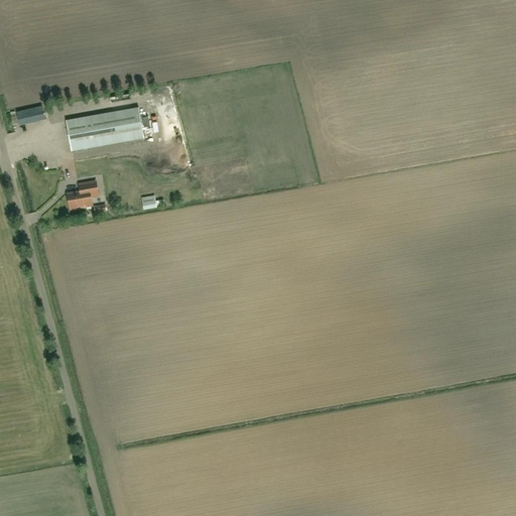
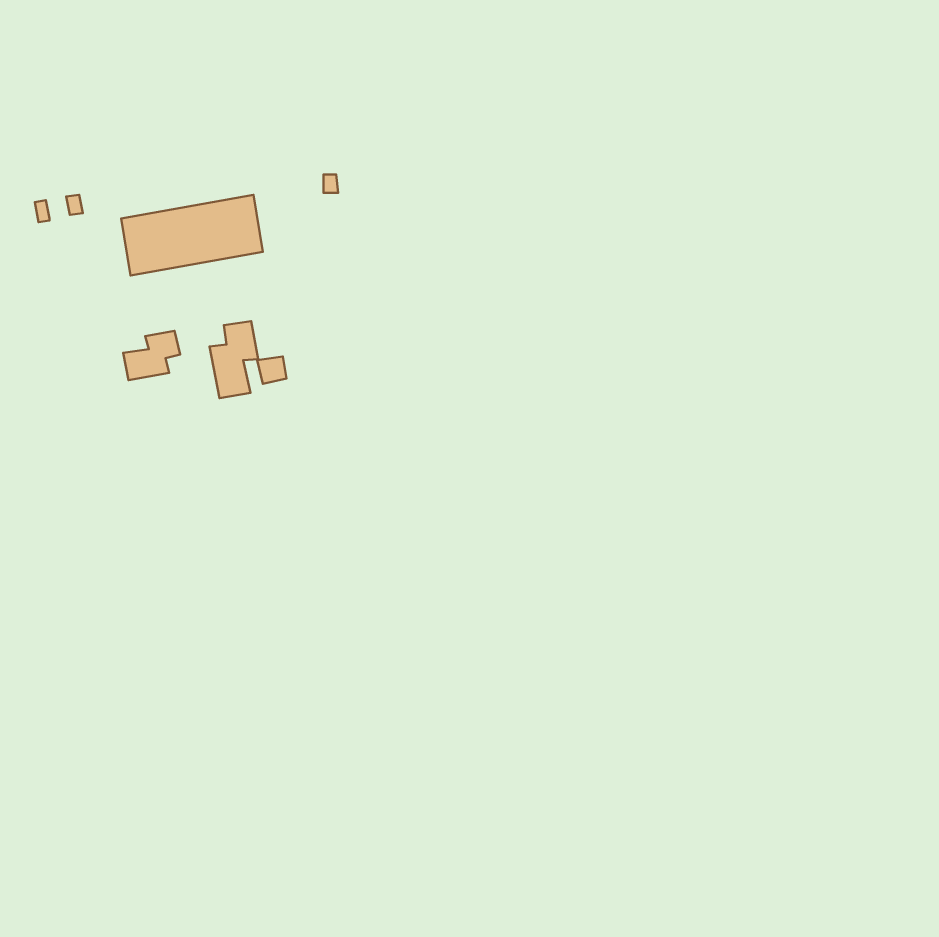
building: none -> [210,321,258,398]

